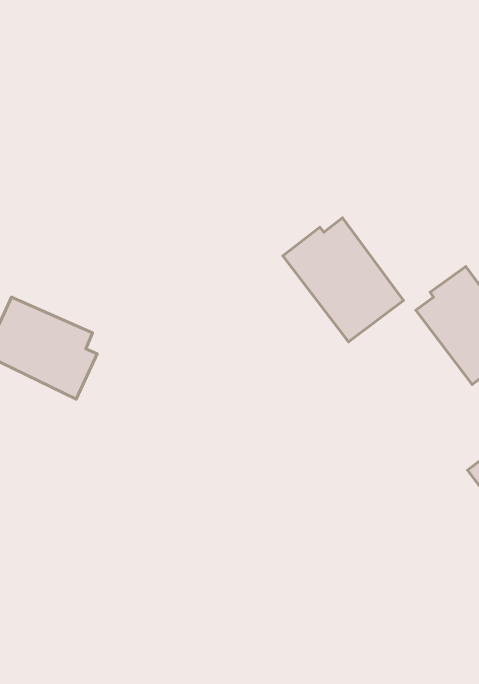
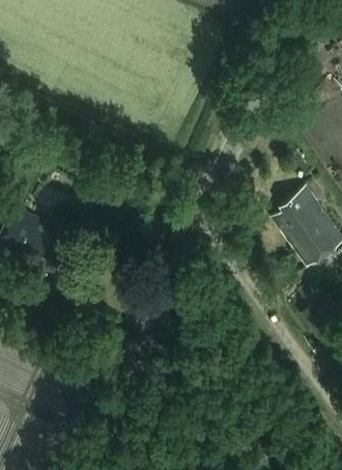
building: [283,218,404,342] -> none

